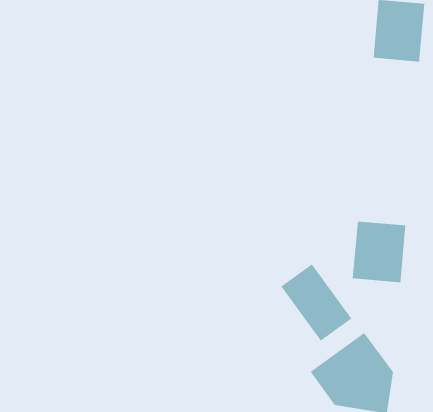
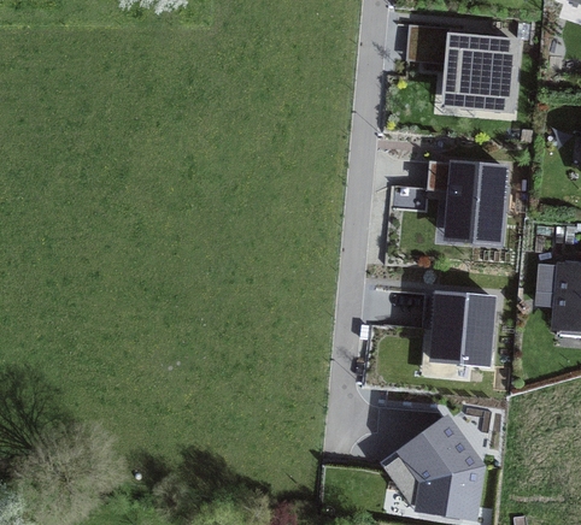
building: none -> [448,163,505,242]
building: [281,264,352,341] -> none

